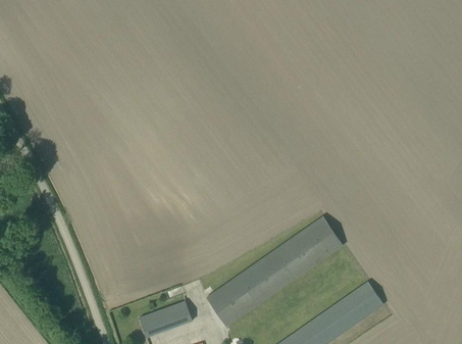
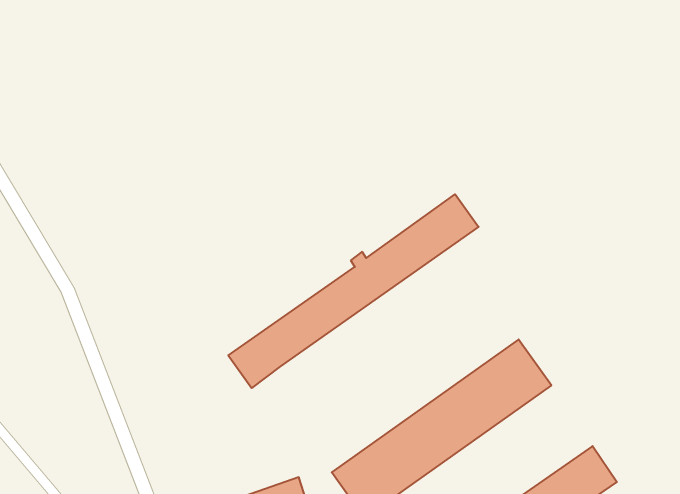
building: none -> [228,194,479,388]

